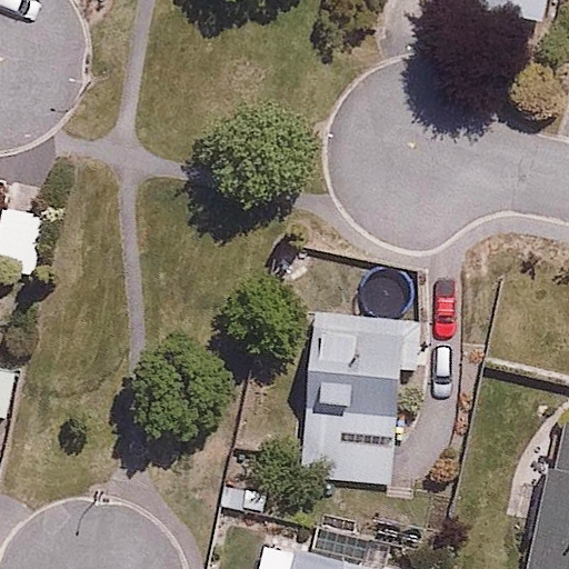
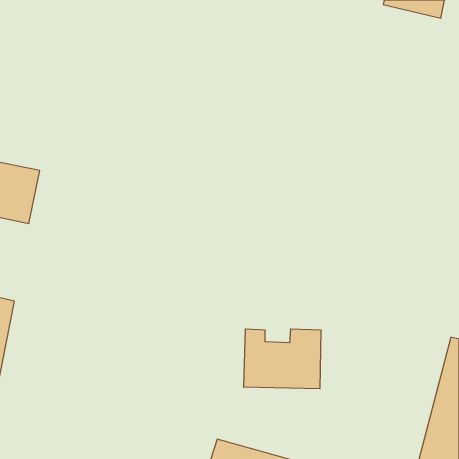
building: [316,313,423,400] -> none

